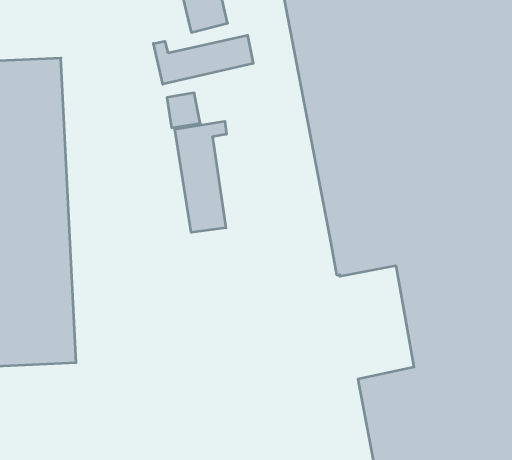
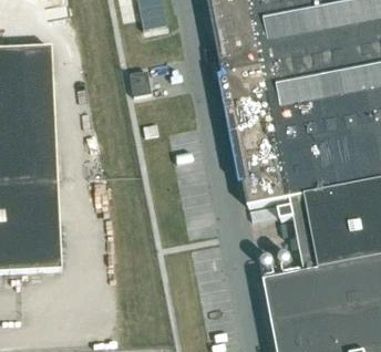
building: [153,35,253,84] -> none
building: [175,121,226,232] -> none

